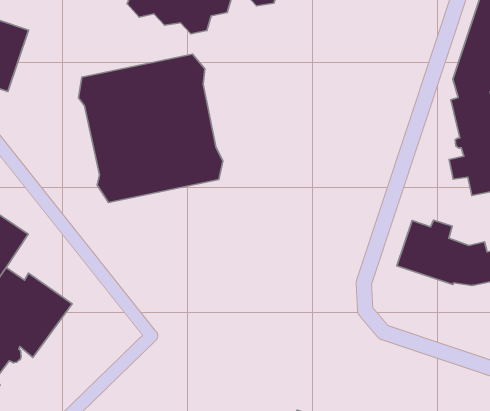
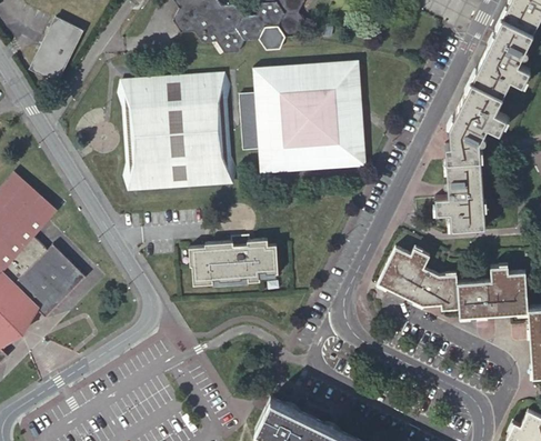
building: none -> [240,61,365,173]
building: none -> [190,238,279,284]

